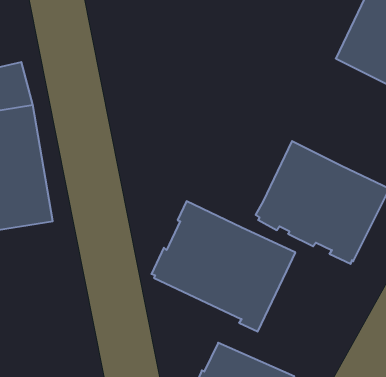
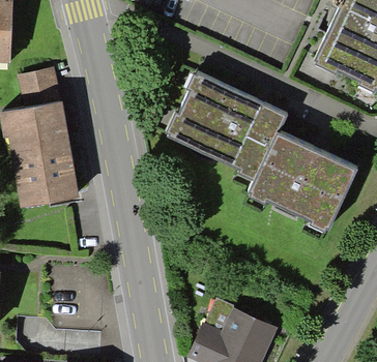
building: [151,201,295,332] -> [166,73,285,181]

